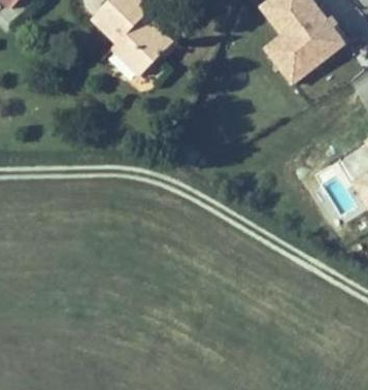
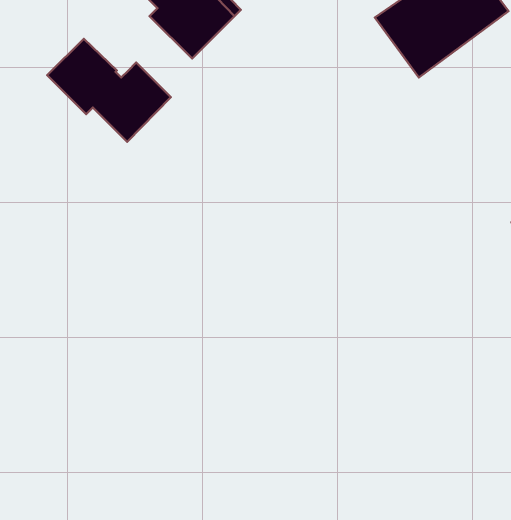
building: none -> [47,39,171,142]

